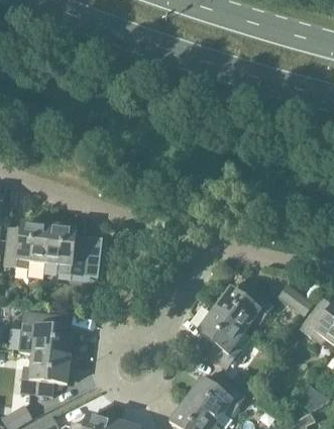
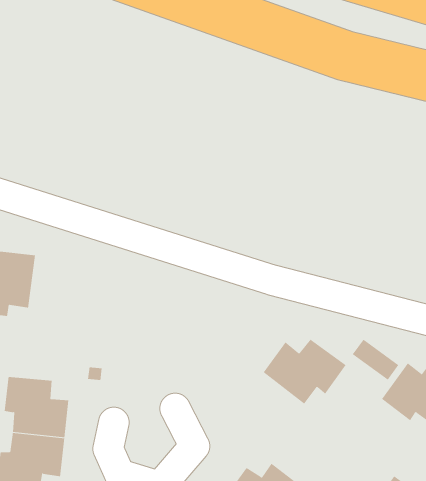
building: [44,225,88,276] -> none
building: [197,310,244,369] -> none

